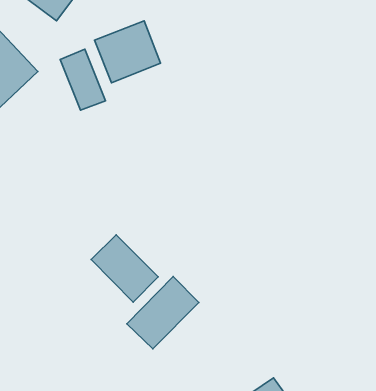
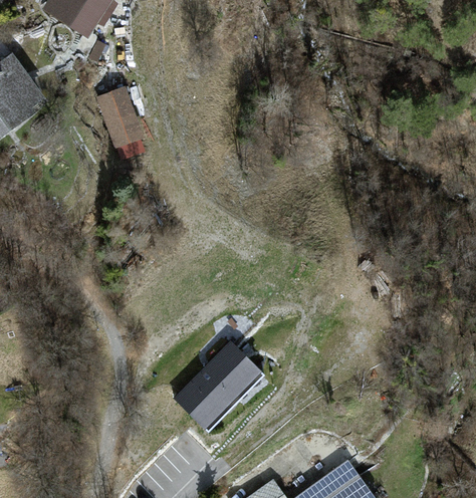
building: [95,21,161,83] -> none
building: [91,235,158,302] -> none

